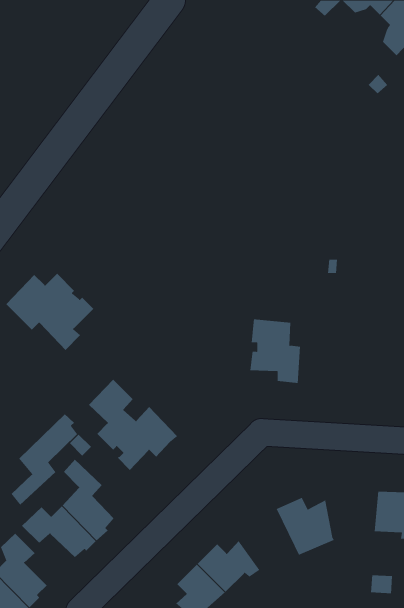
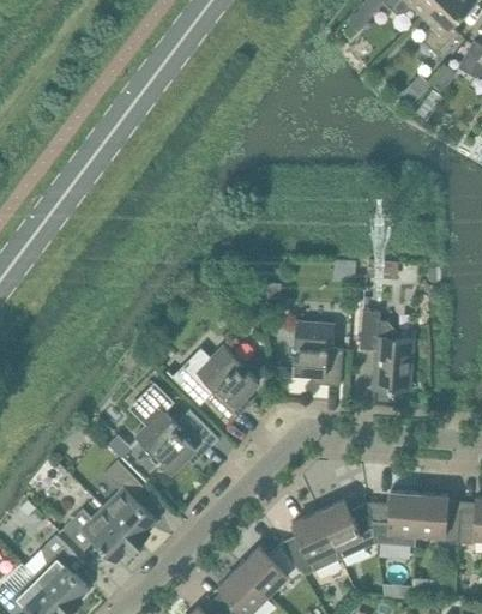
building: [6,273,94,351] -> [171,345,260,423]
building: none -> [360,308,414,390]
building: [11,414,78,506] -> none
building: none -> [368,492,420,546]
building: none -> [281,512,342,577]

